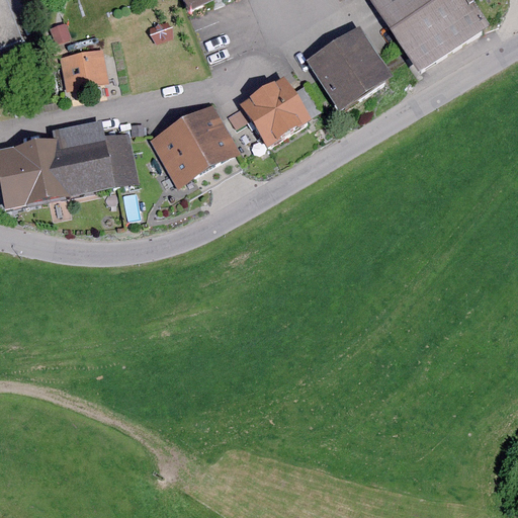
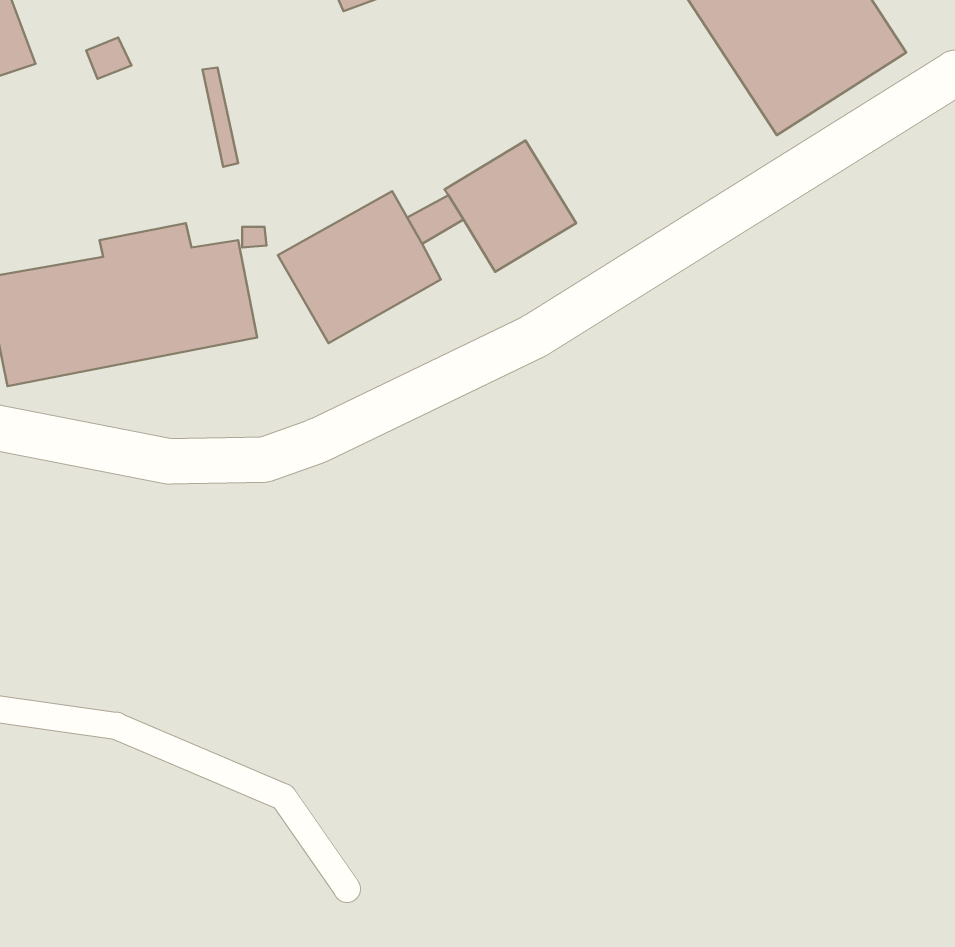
building: [306,26,391,112] -> none
building: [59,47,108,89] -> none

